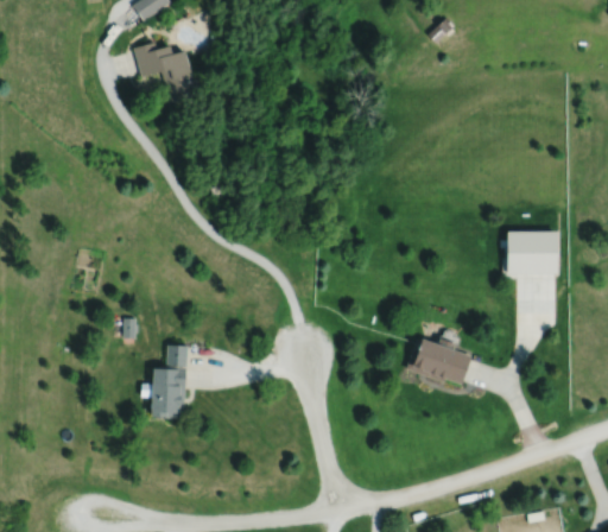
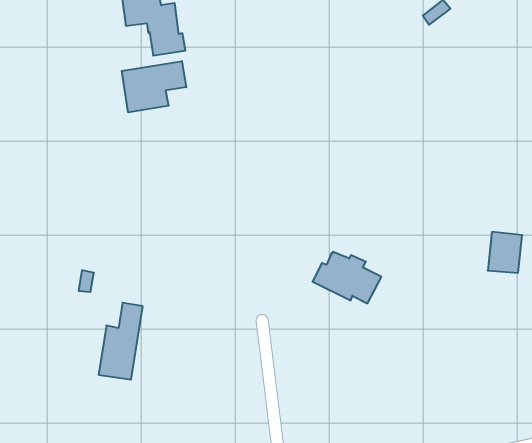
building: none -> [122,61,186,112]
building: [405,338,471,385] -> [312,252,381,303]

